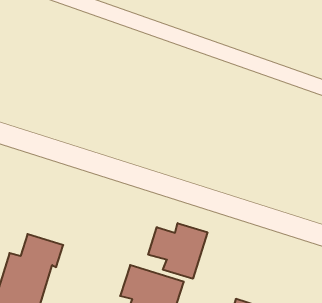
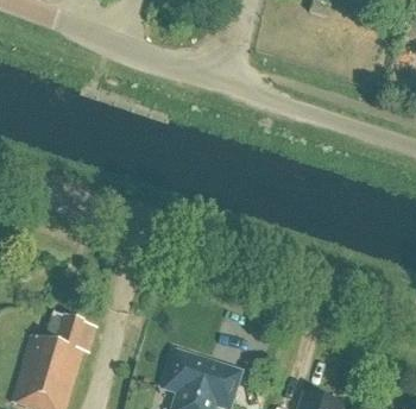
building: [148,223,207,279] -> none

